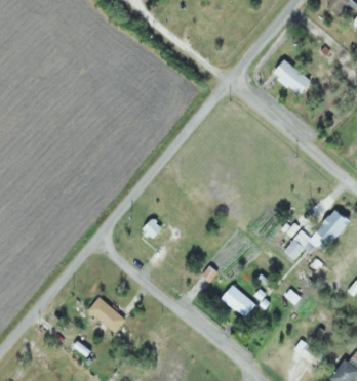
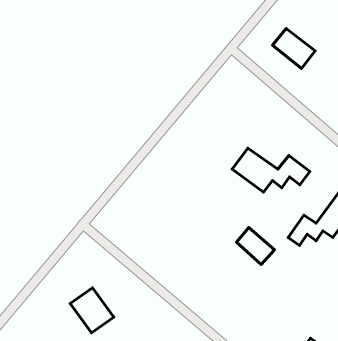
building: none -> [232,148,310,192]
building: [222,284,256,318] -> [237,228,275,264]

